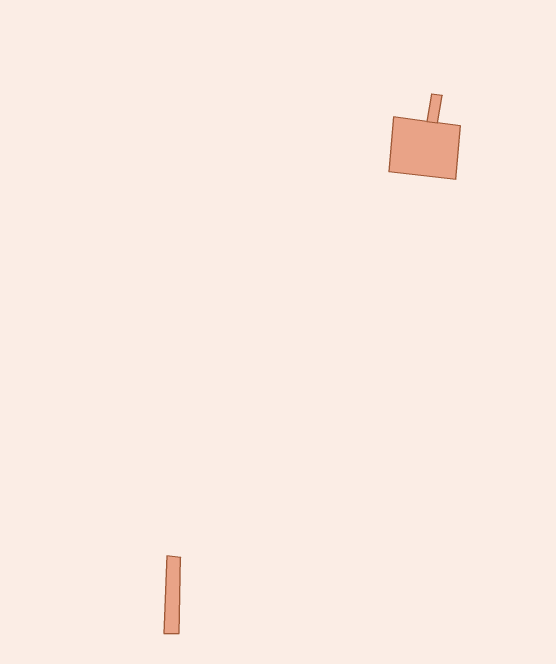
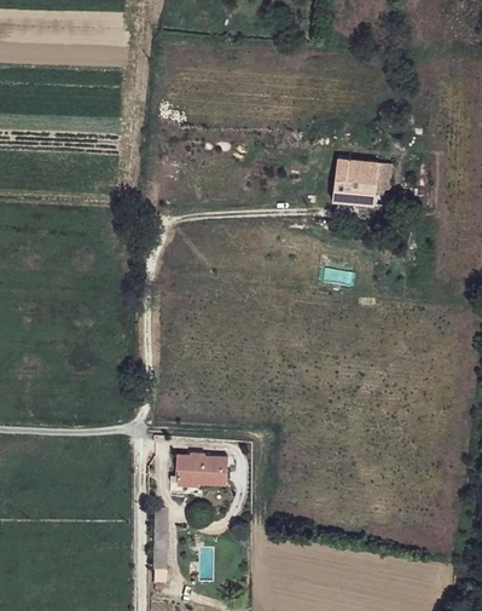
building: none -> [175,453,227,484]

